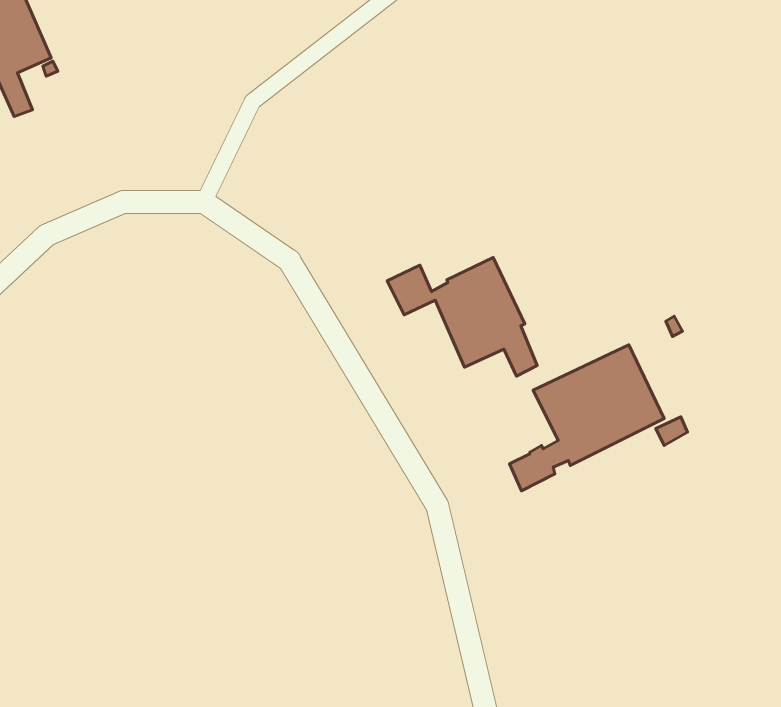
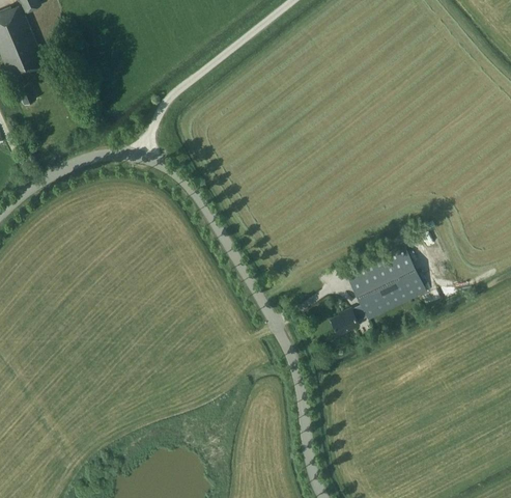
building: [387,257,537,376] -> none

